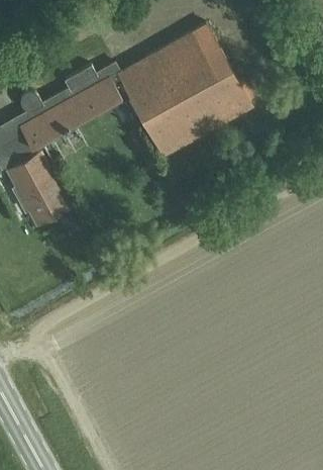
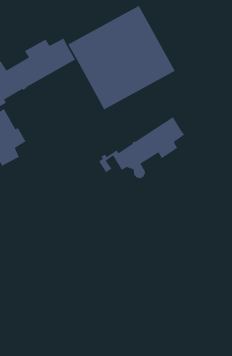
building: none -> [98,116,185,179]

